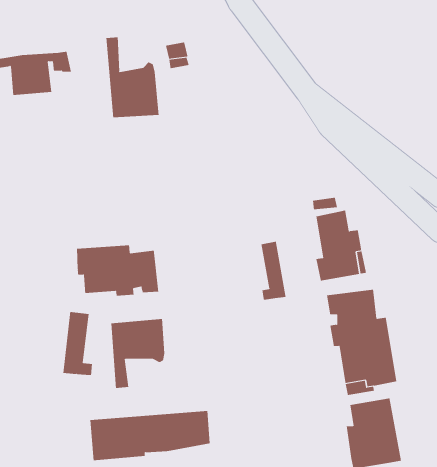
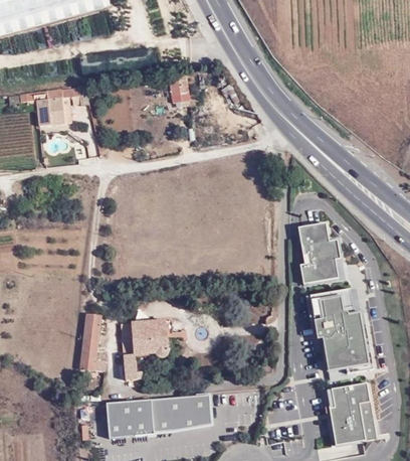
building: [106,37,159,118] -> none
building: [261,241,286,301] -> none
building: [76,244,159,296] -> none

